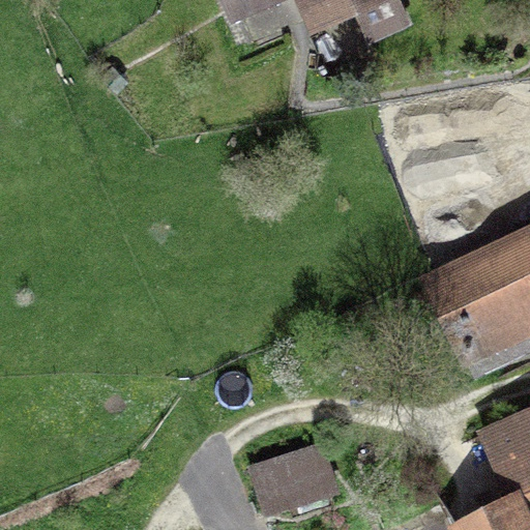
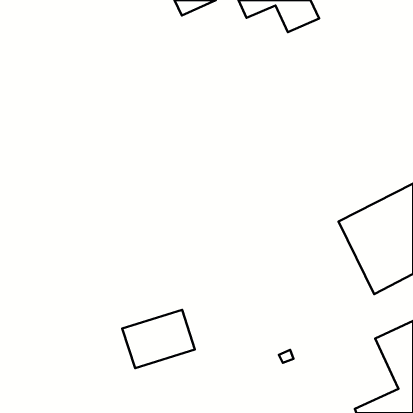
building: [246,438,340,512] -> [122,310,195,368]

